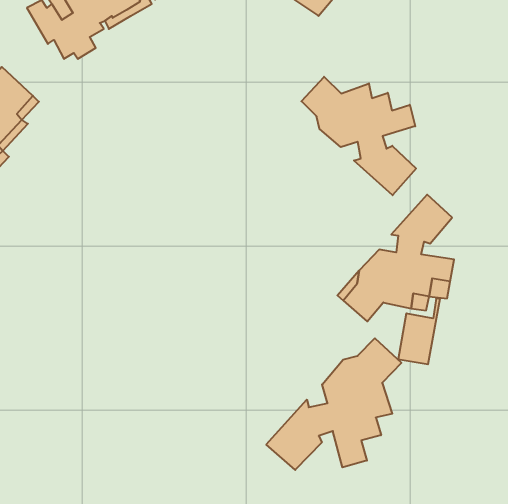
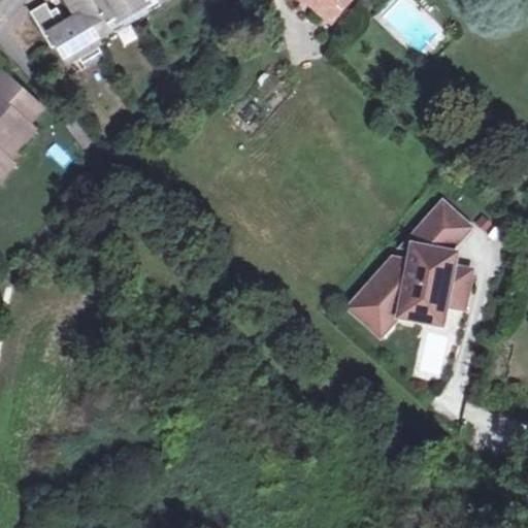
building: [301,77,416,195] -> none
building: [266,338,401,470] -> none

